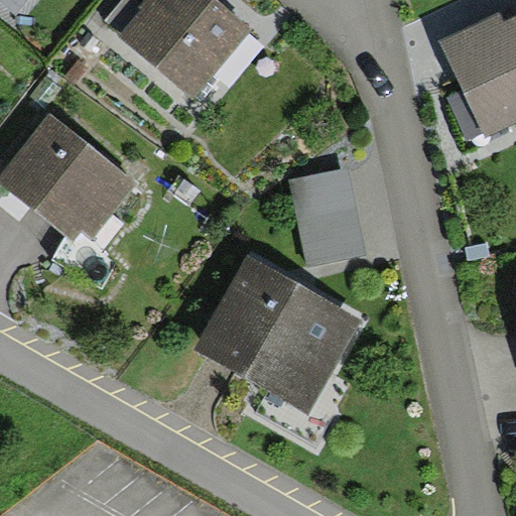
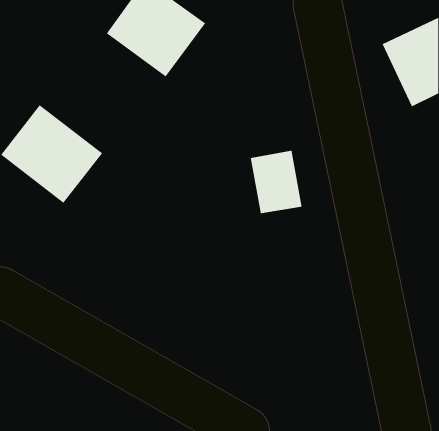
building: [206,263,353,402] -> none

